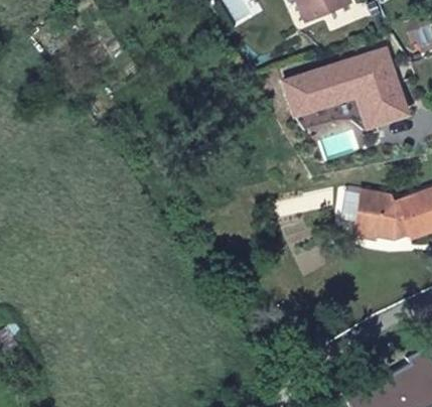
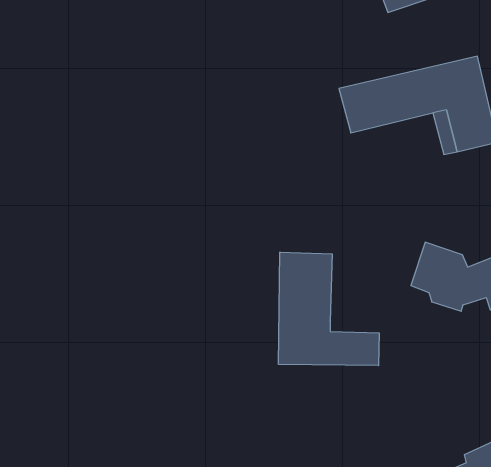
building: none -> [279,252,379,366]

